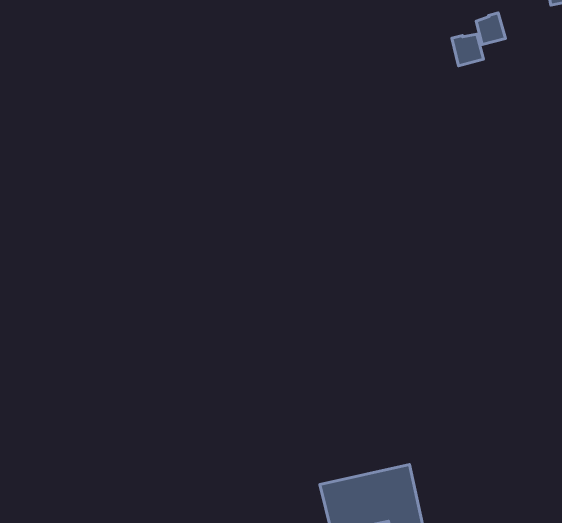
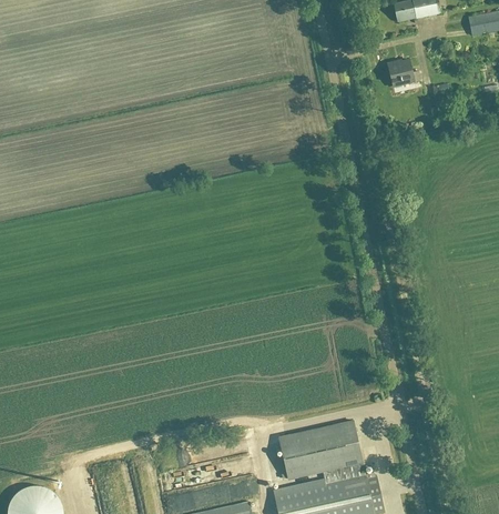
building: [476,13,506,45] -> none

